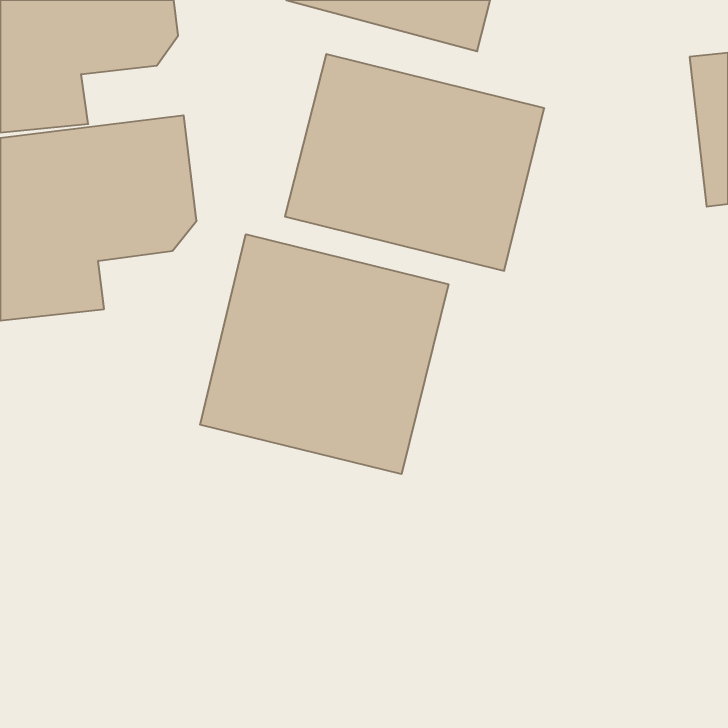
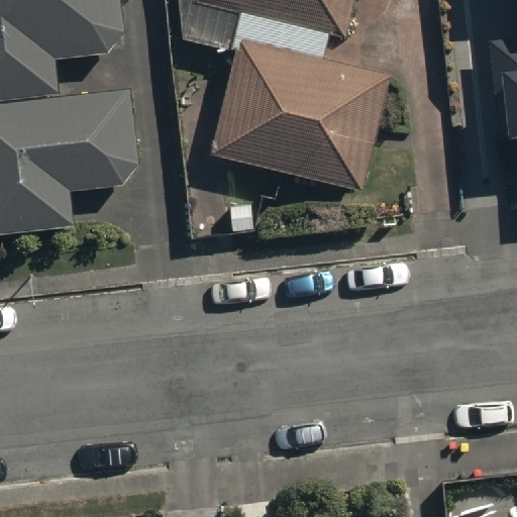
building: [200,234,448,474] -> none

